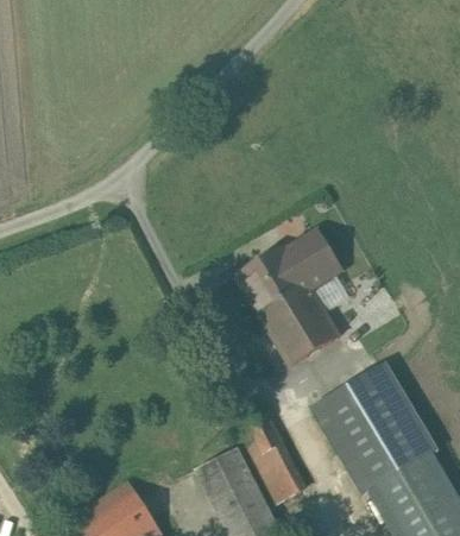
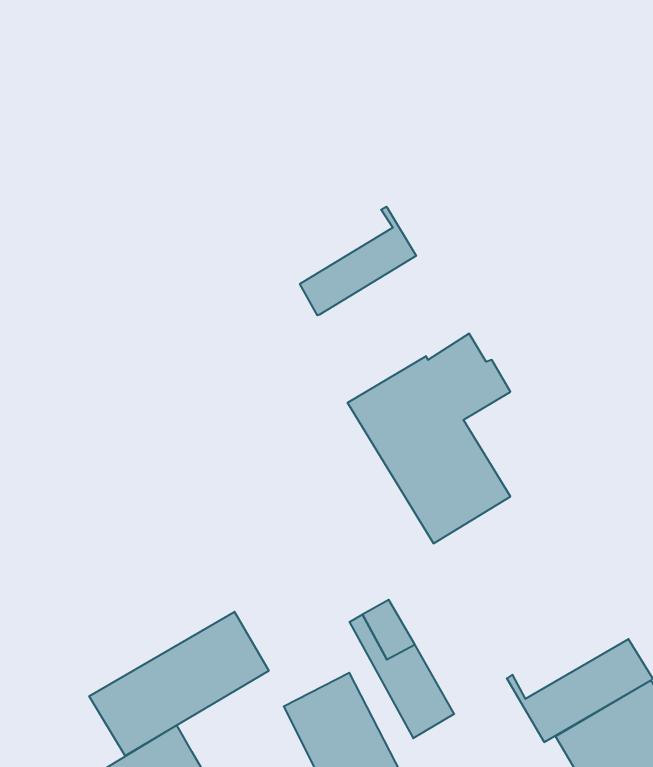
building: none -> [300,207,416,315]
building: [316,371,415,465] -> none
building: none -> [89,612,269,756]

